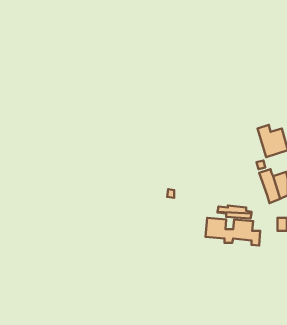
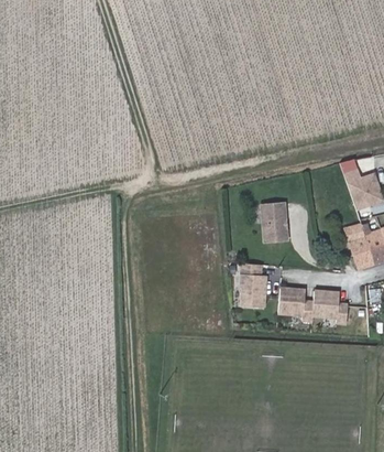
building: none -> [263,202,288,240]
building: none -> [241,263,265,306]

